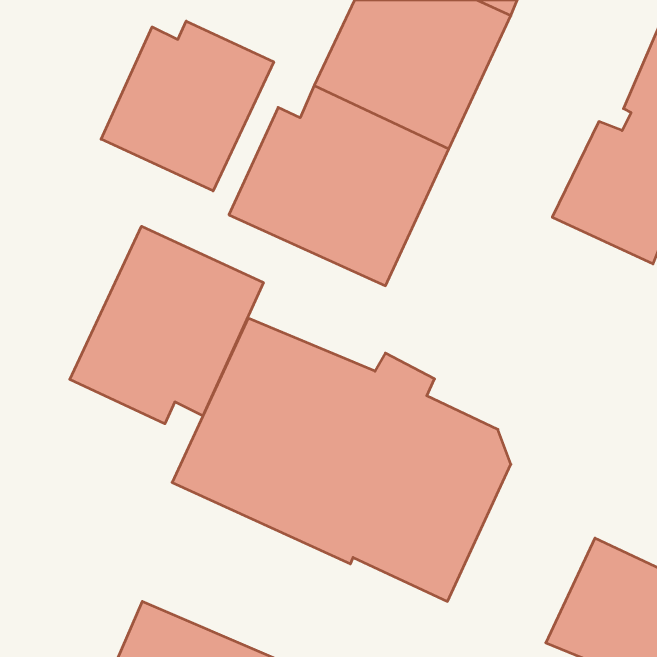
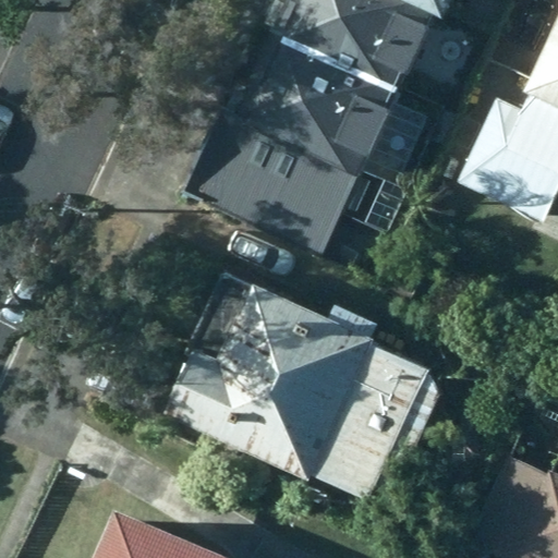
building: [101,21,274,191] -> none
building: [70,226,263,424] -> none

